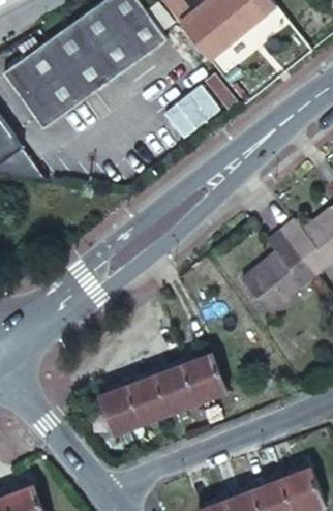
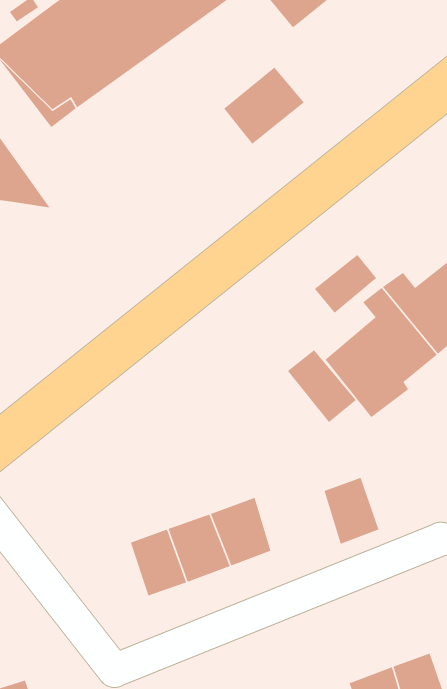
building: none -> [314,254,377,314]
building: none -> [287,349,357,423]
building: [186,367,224,414] -> [323,477,379,545]

